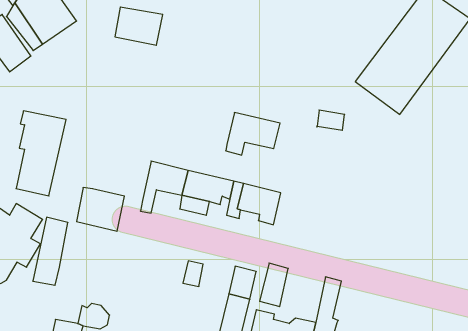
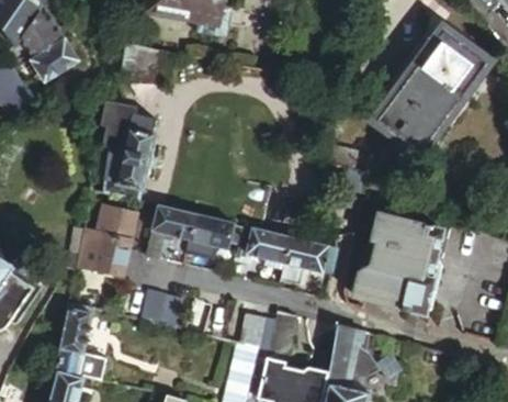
building: [16,111,66,196] -> [104,111,156,199]
building: [226,113,280,155] -> [282,236,338,280]
building: none -> [97,204,136,239]
building: none -> [350,212,437,312]
building: [33,217,68,285] -> [58,301,94,371]
building: none -> [142,288,183,326]
building: none -> [345,327,377,373]

